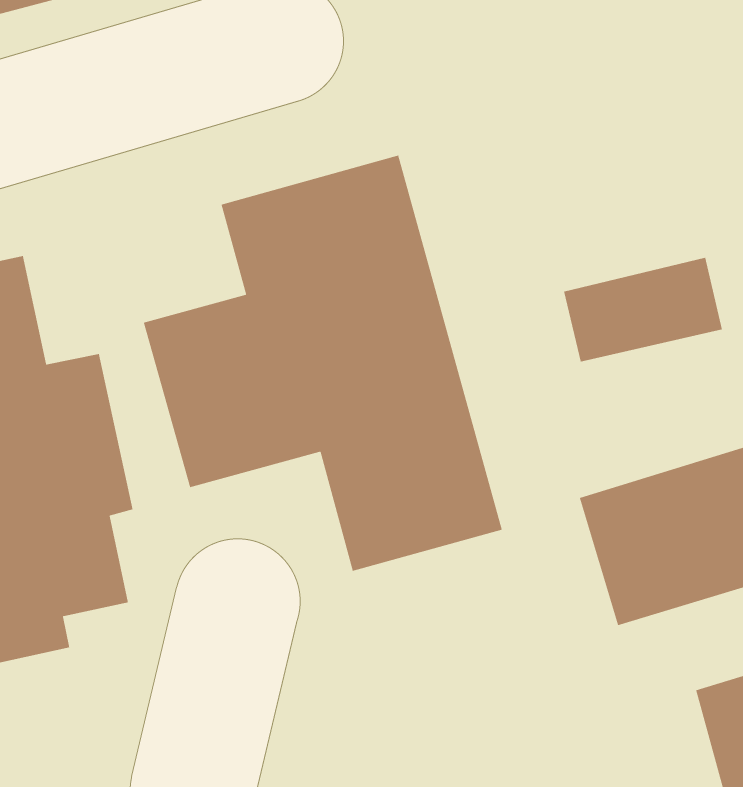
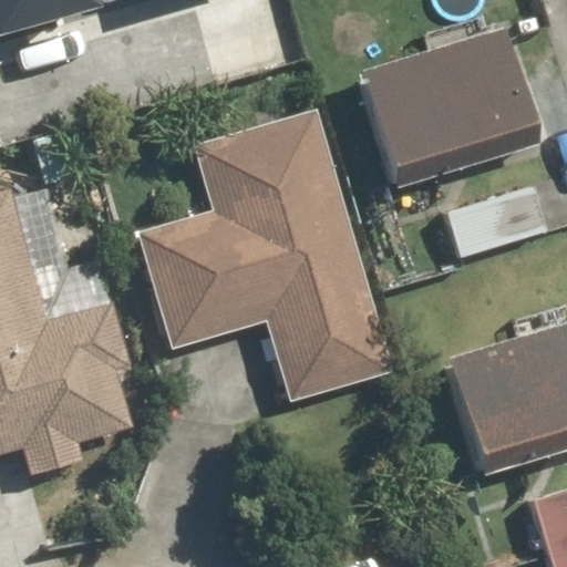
building: none -> [357,29,526,172]

